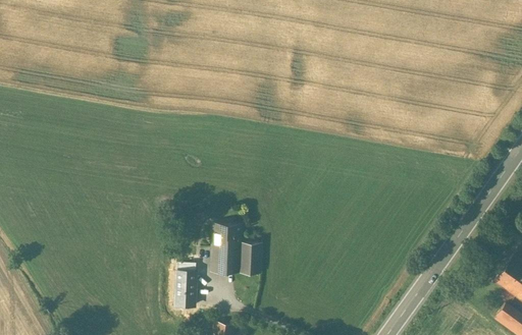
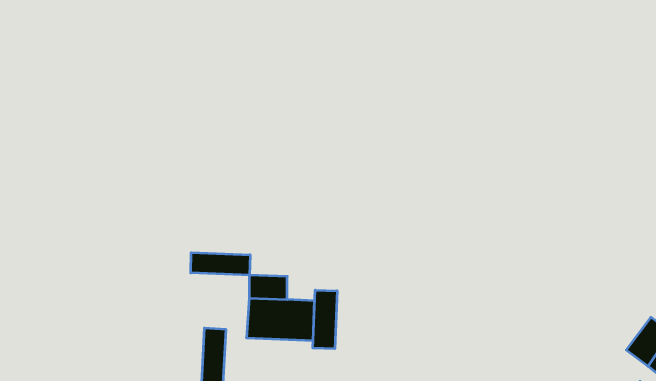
building: none -> [191,253,250,275]
building: none -> [313,290,337,349]

